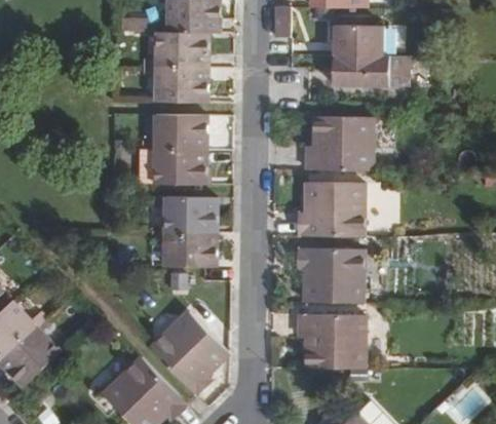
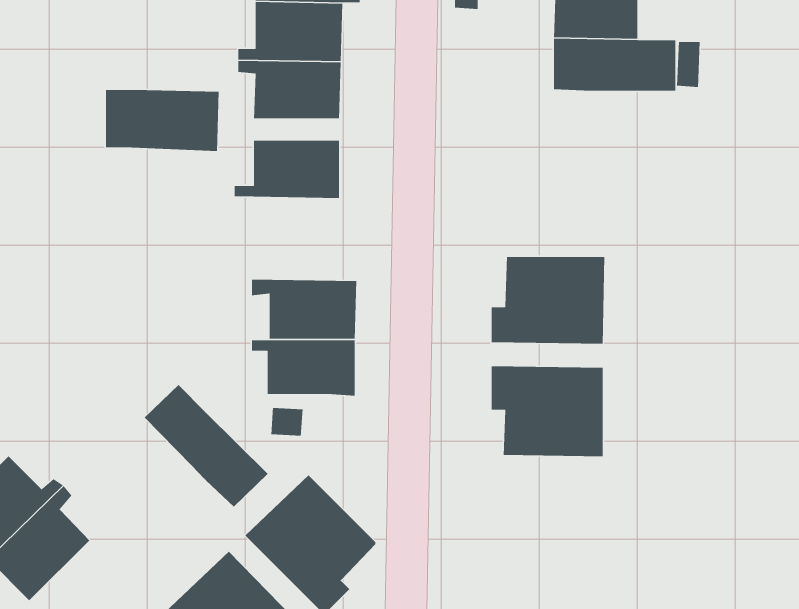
building: [304,116,372,169] -> none
building: [139,148,206,185] -> [105,89,220,152]
building: none -> [144,384,268,507]
building: [298,314,364,367] -> none

